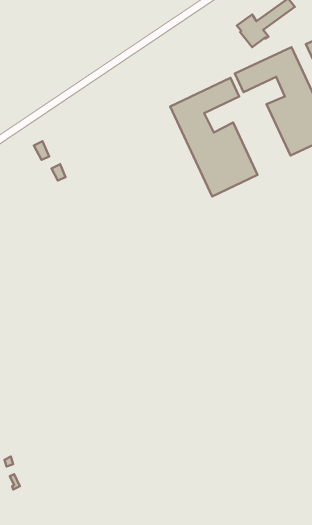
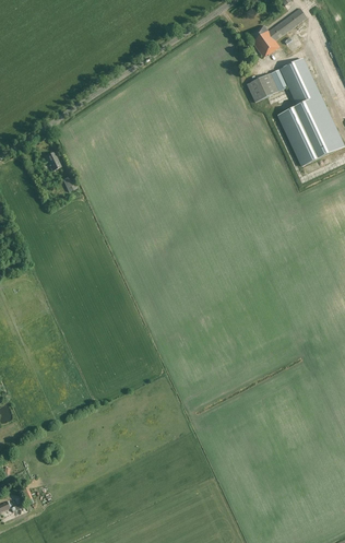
building: [170,78,257,196] -> none

